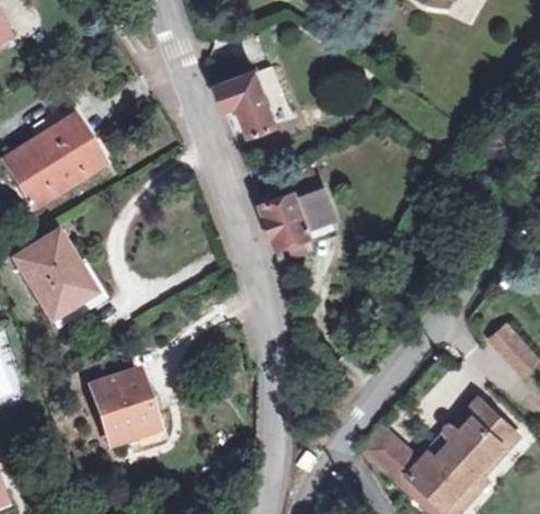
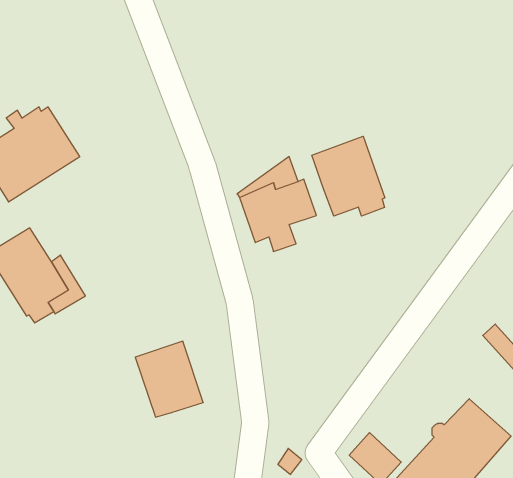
building: [212,65,285,134] -> none
building: none -> [312,136,385,216]
building: [92,372,158,445] -> [135,341,203,417]

